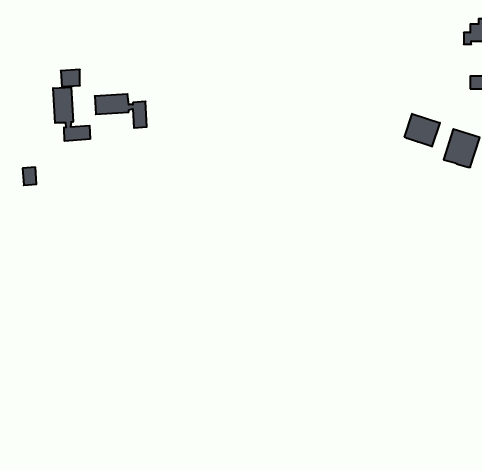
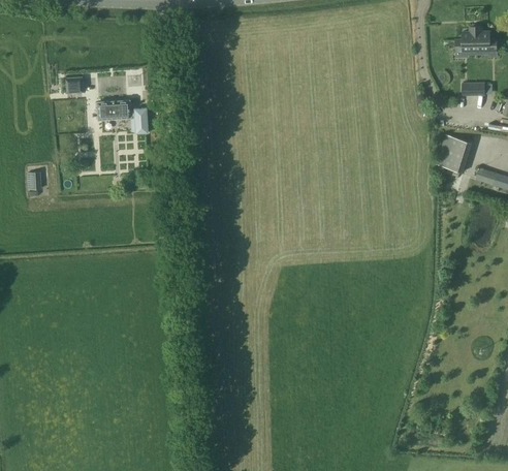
building: [53,87,90,141] -> none
building: [405,114,440,147] -> none

